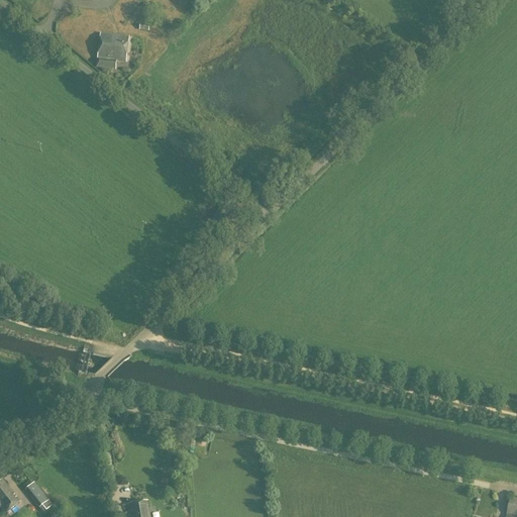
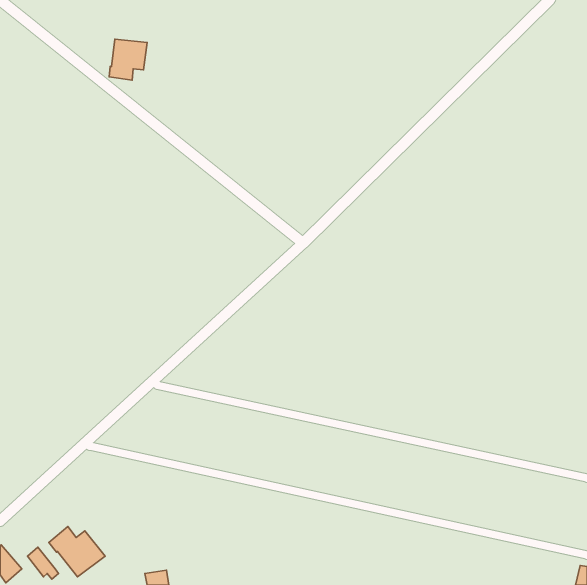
building: none -> [49,527,105,577]

